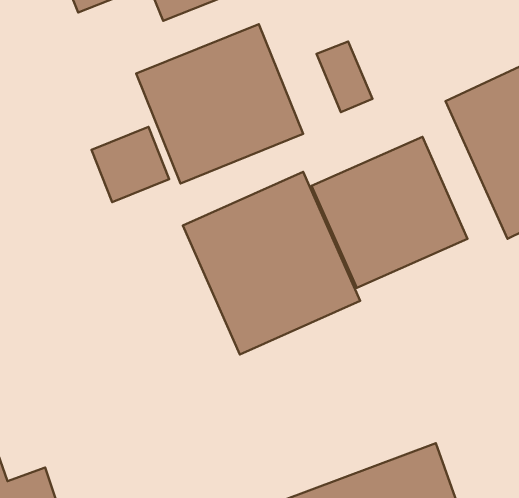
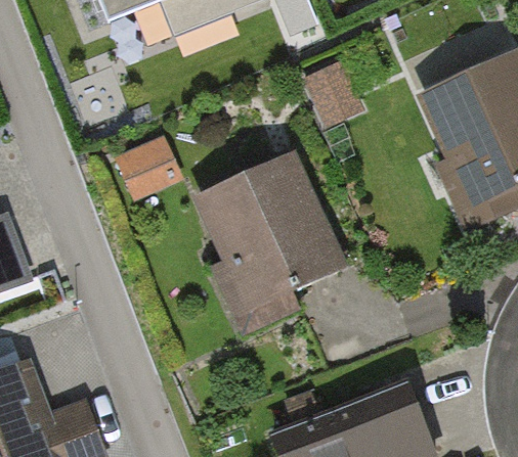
building: [136,24,303,184] -> none
building: [312,137,468,288] -> none

